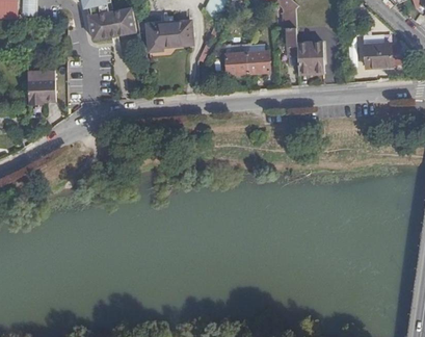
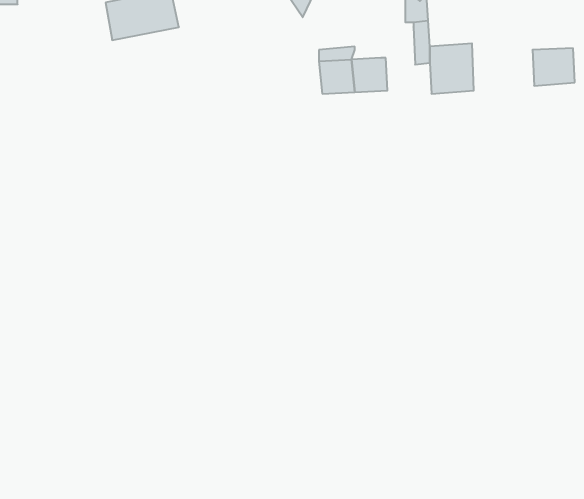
building: [148,21,192,49] -> none
building: [29,70,58,103] -> none

